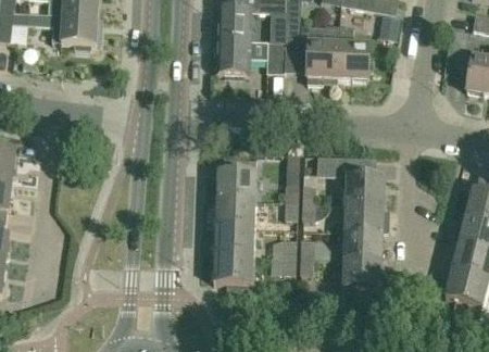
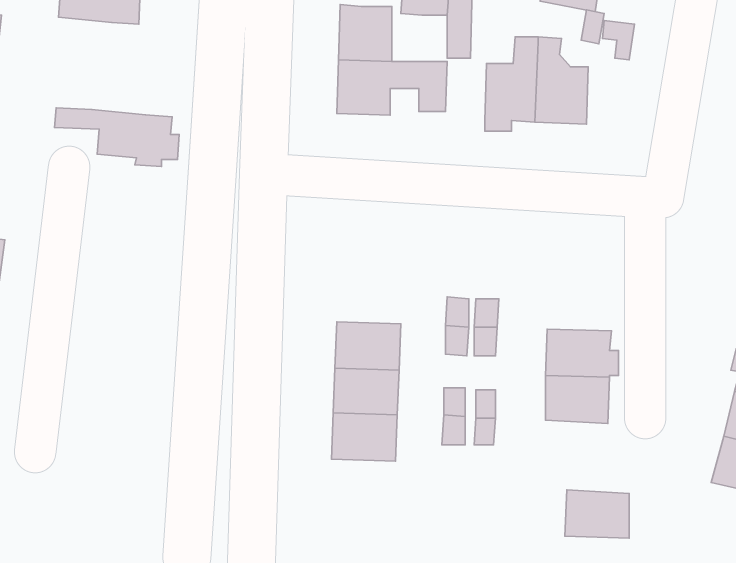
building: [25,13,101,49] -> [54,108,179,167]
building: [333,156,386,205] -> none
building: [217,171,258,201] -> none
building: [343,260,383,289] -> [565,490,629,538]

